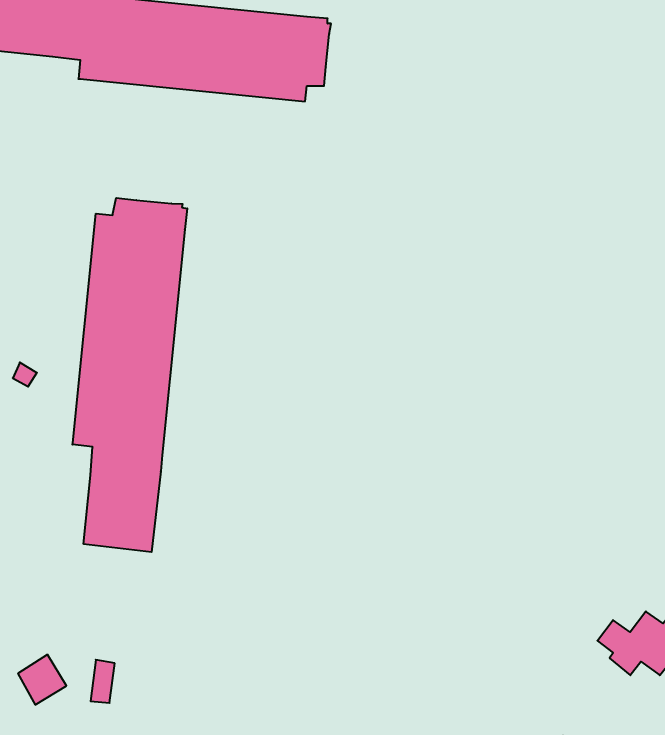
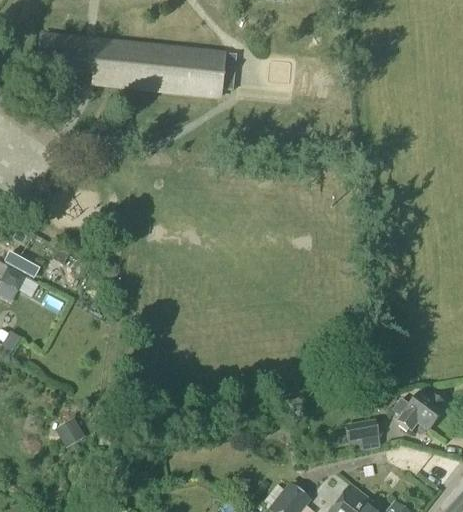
building: [72,198,187,552] -> none
building: none -> [344,421,377,448]

